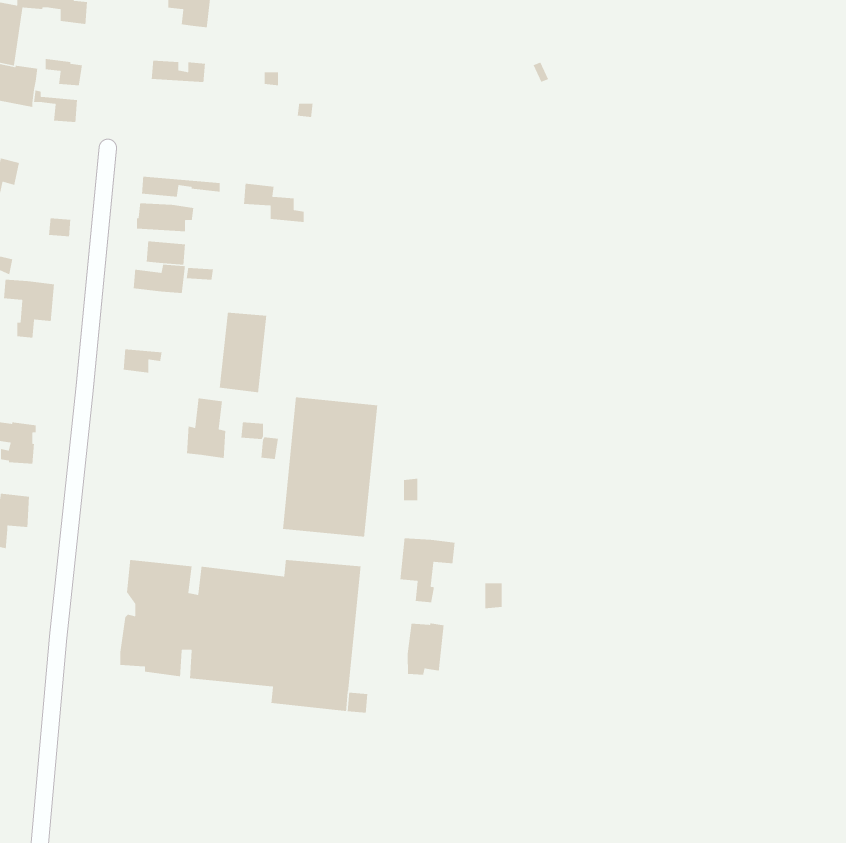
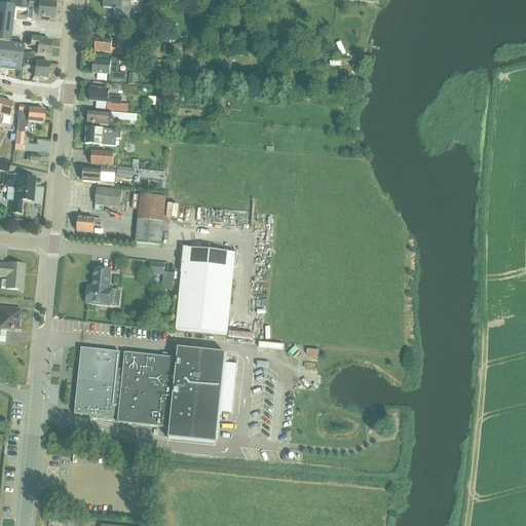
building: none -> [91,57,125,79]
building: none -> [14,104,43,143]
building: [243,183,305,223] -> [88,85,126,110]
building: none -> [95,186,121,205]
building: [186,397,226,459] -> [85,266,110,304]
building: [400,538,455,603] -> none
building: [407,623,444,675] -> none

